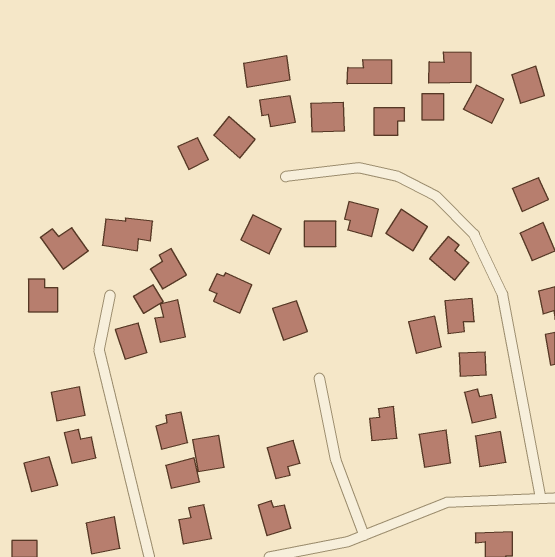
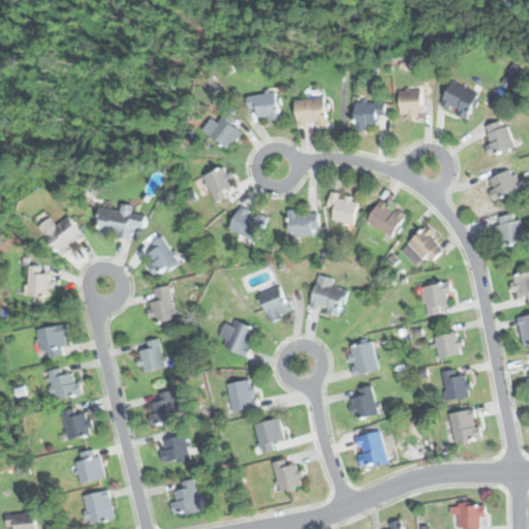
building: [429,52,471,83] -> none
building: [244,56,290,87] -> none
building: [347,60,392,84] -> none
building: [512,66,544,103] -> [483,120,514,155]
building: [178,138,208,169] -> [204,167,232,197]
building: [209,273,252,313] -> [218,319,258,357]
building: [134,285,163,313] -> none
building: none -> [309,274,346,316]
building: [409,316,441,353] -> [346,341,377,376]
building: [115,323,147,359] -> [135,338,165,372]
building: none -> [36,323,70,359]
building: [419,430,451,467] -> [355,432,385,467]
building: [193,435,224,471] -> [226,379,256,413]
building: [24,457,58,492] -> [73,450,105,484]
building: [258,501,291,536] -> [272,459,303,492]

